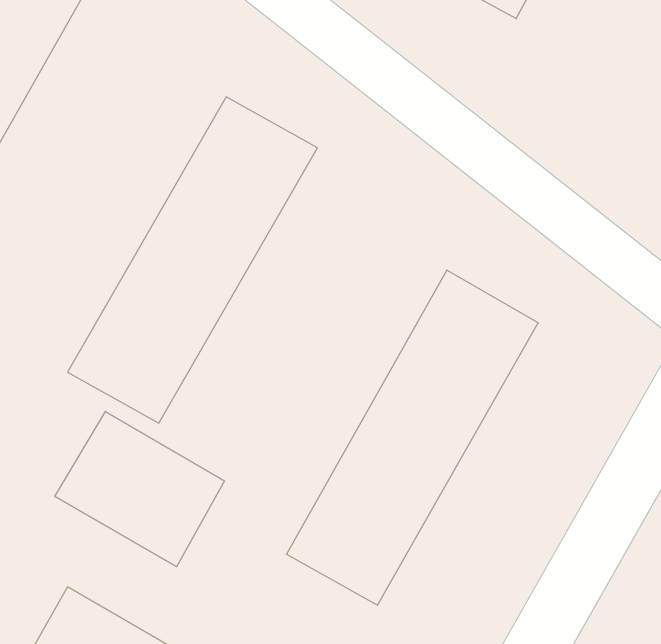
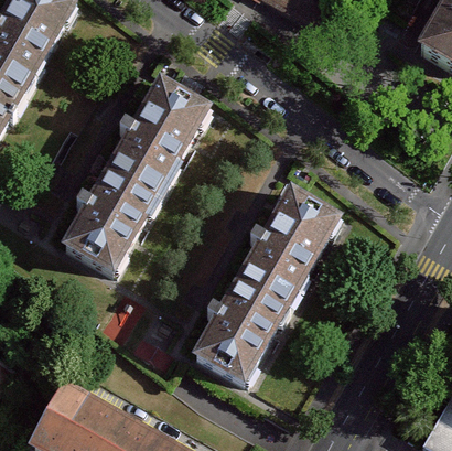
building: [55,411,225,567] -> none

